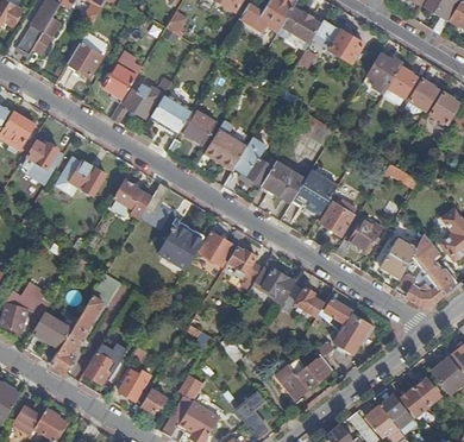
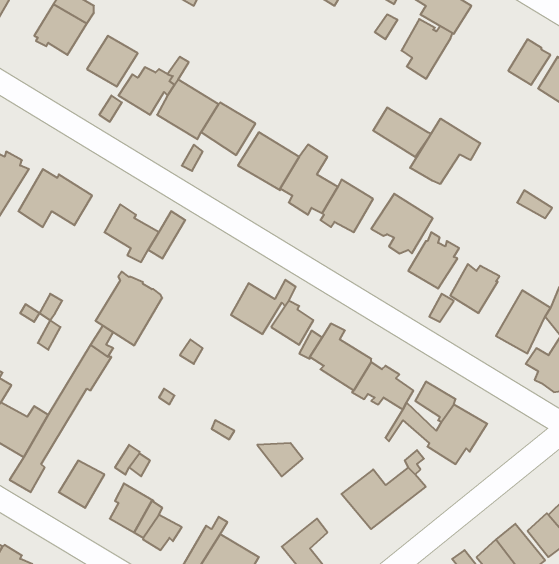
building: [368,53,402,94] -> [401,19,452,79]
building: none -> [410,119,480,184]
building: [158,220,203,270] -> [95,272,162,345]

